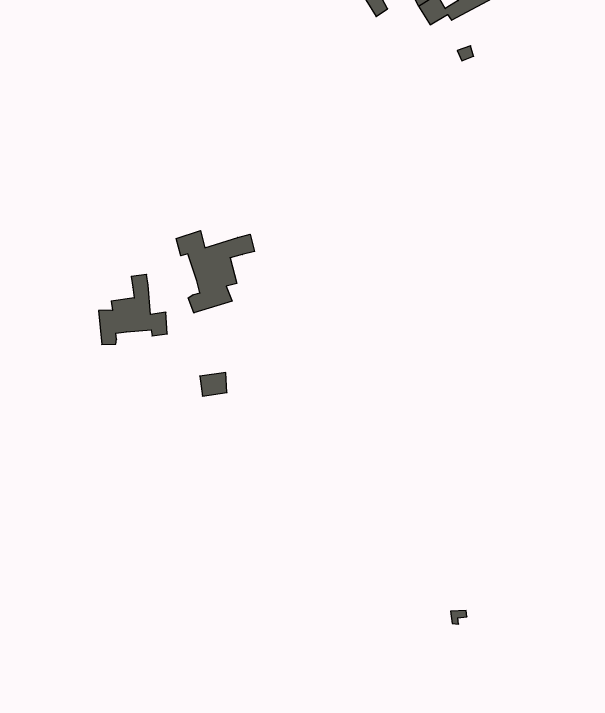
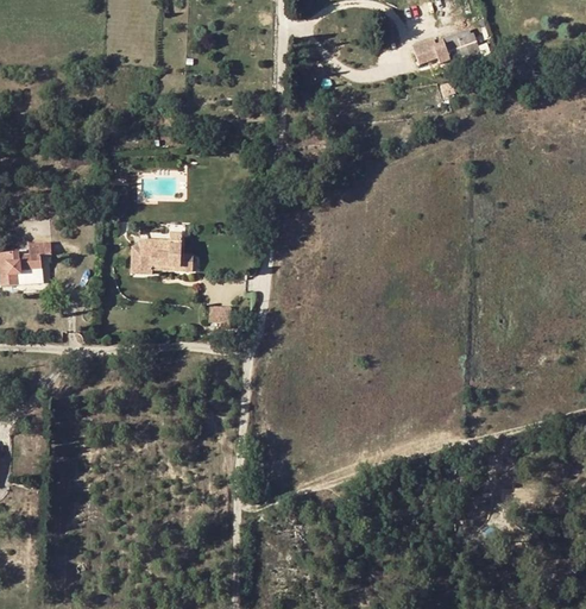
building: [176,231,255,313] -> none

